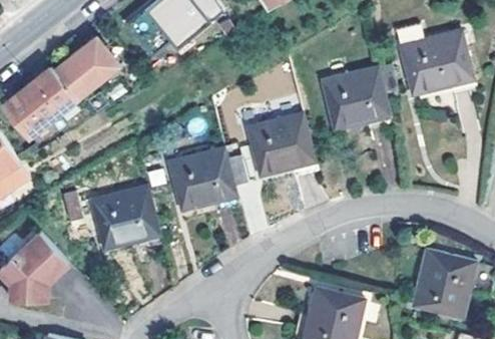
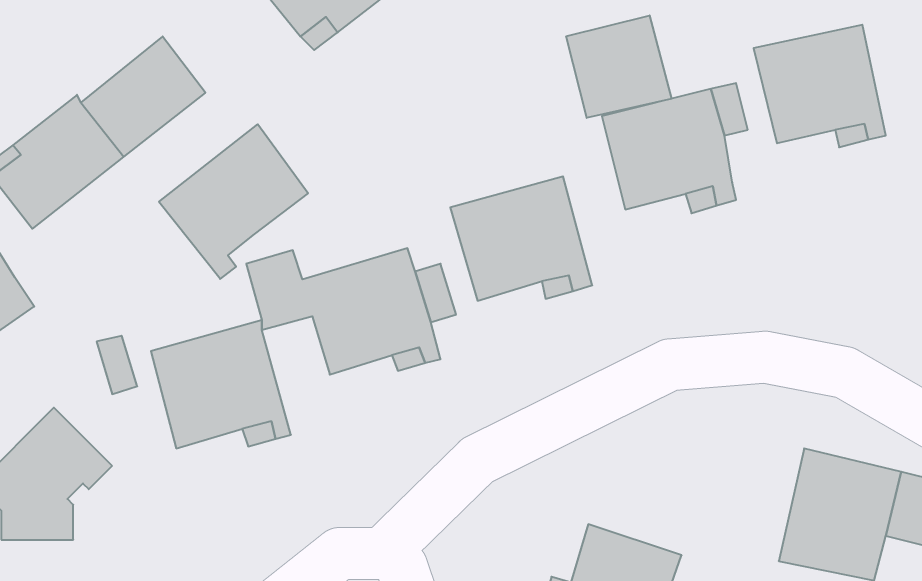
building: none -> [566,15,671,118]
building: none -> [159,124,308,279]

